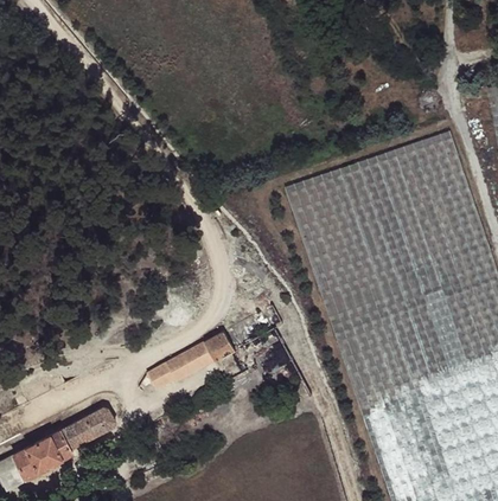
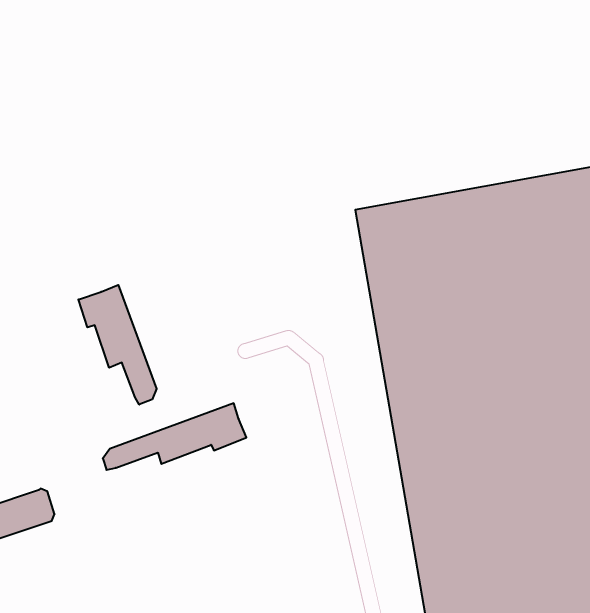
building: none -> [78,285,157,405]

